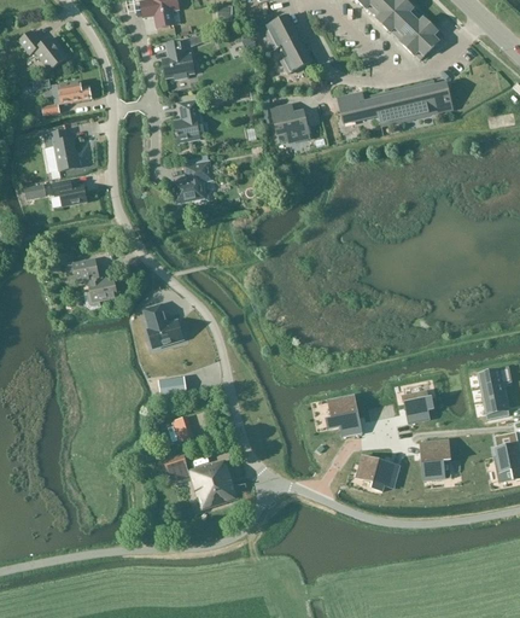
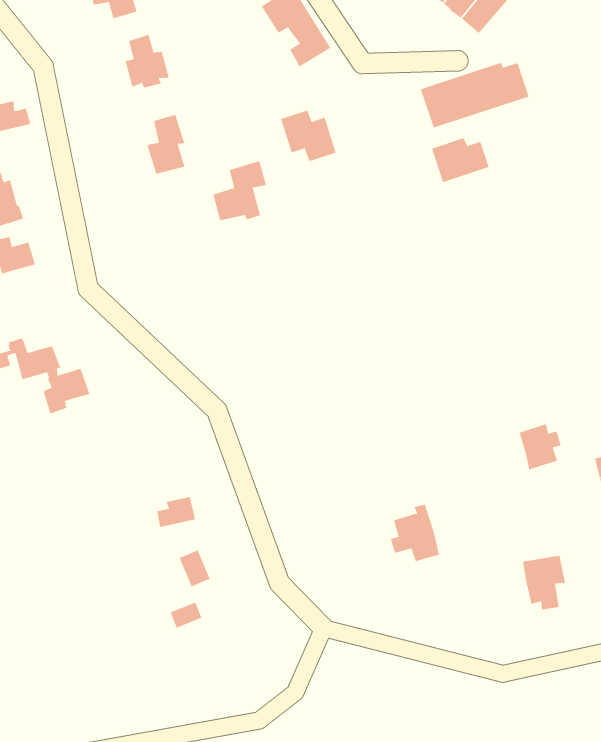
building: [338,92,379,123] -> [431,138,490,183]
building: [173,161,212,203] -> [212,160,267,221]
building: [144,302,183,346] -> none
building: [403,390,433,422] -> [519,423,562,470]
building: [360,454,399,490] -> none
building: [187,459,236,508] -> none

